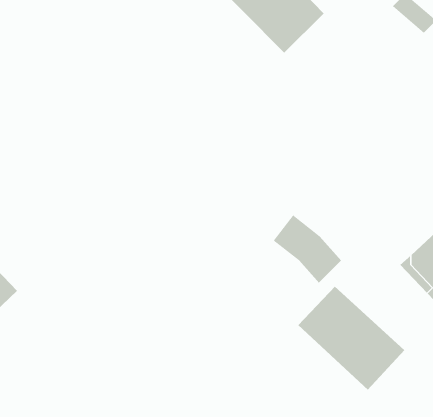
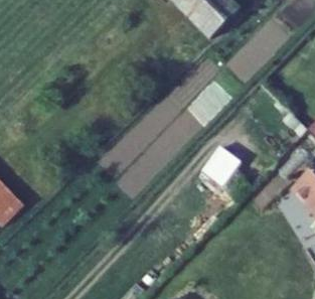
building: [298,286,405,391] -> none

